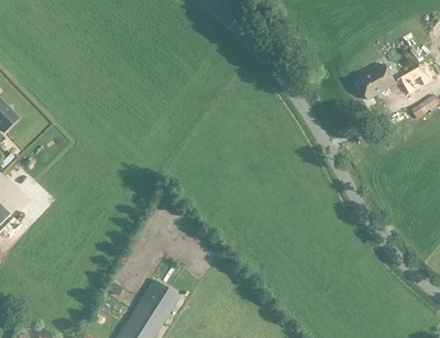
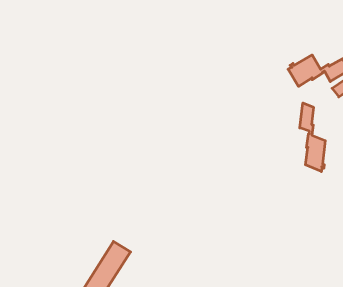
building: none -> [300,103,325,172]

